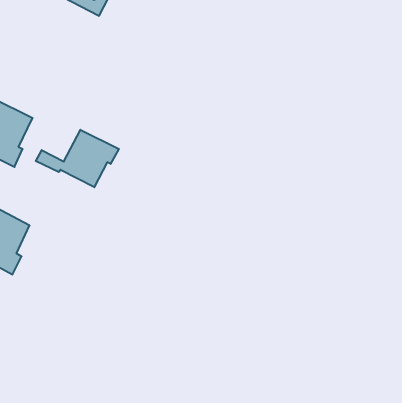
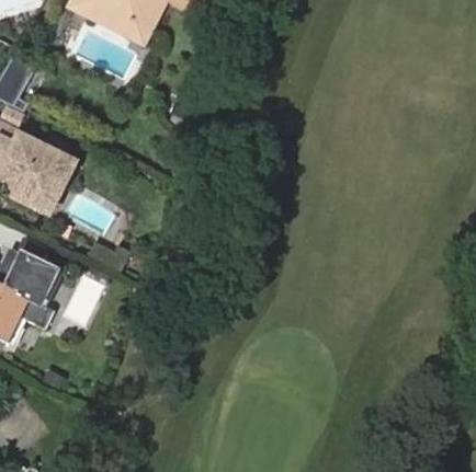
building: [36,130,119,187] -> none

